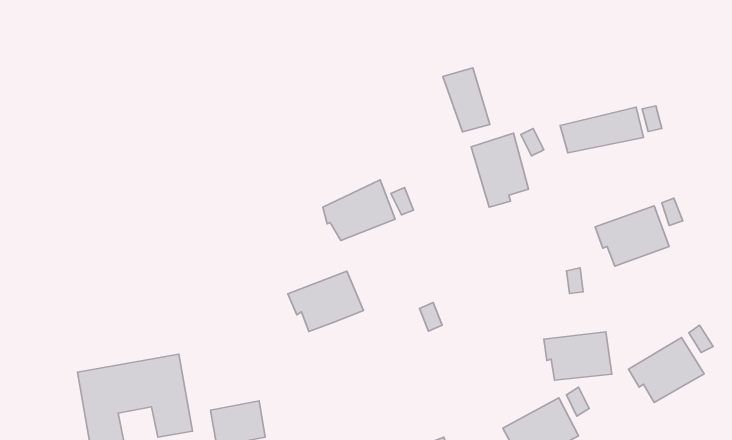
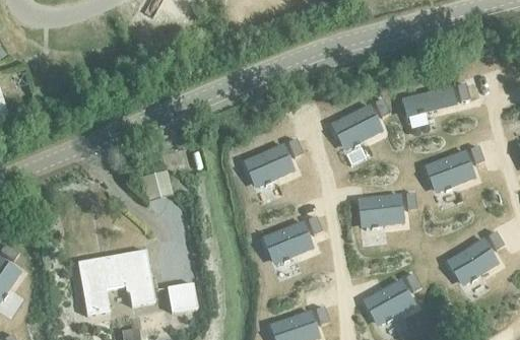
building: [443,68,490,132] -> none
building: [288,271,363,332] -> [262,222,313,263]
building: [544,332,612,380] -> [358,195,403,227]

